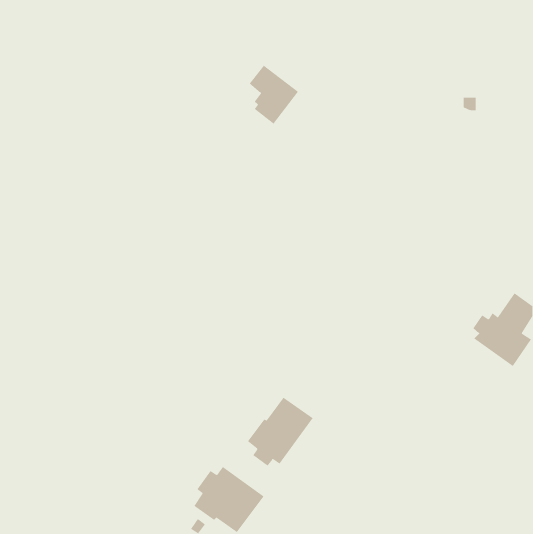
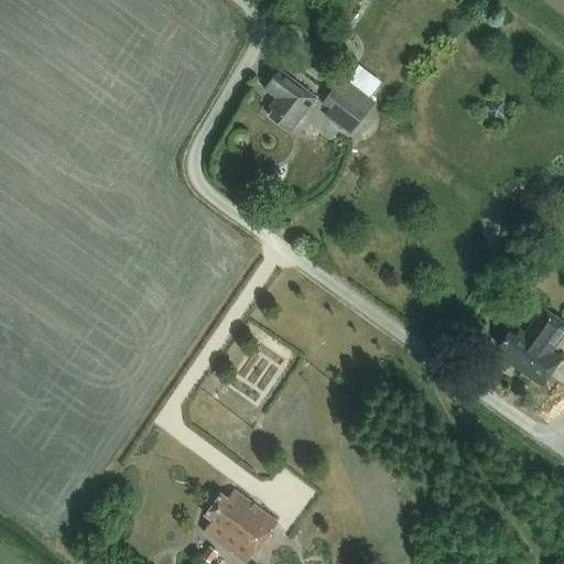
building: none -> [324,79,373,134]
building: [247,397,313,466] -> none

